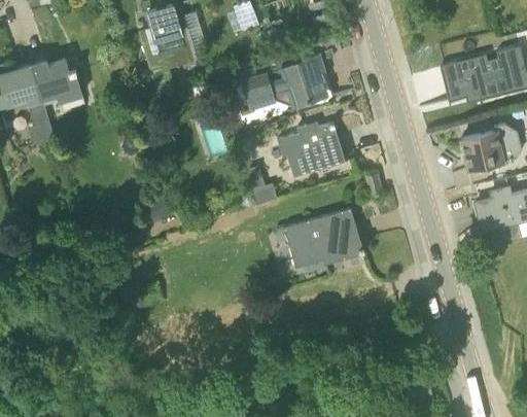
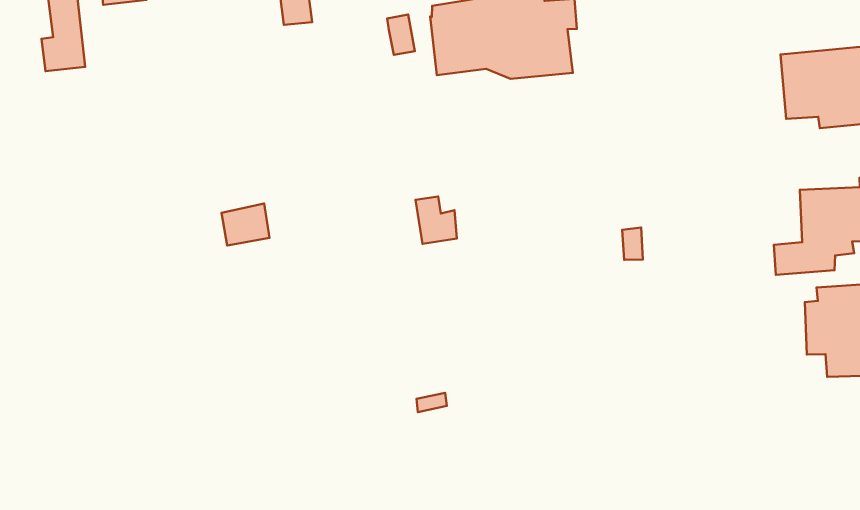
building: [278,121,346,177] -> none
building: [285,208,365,267] -> none

